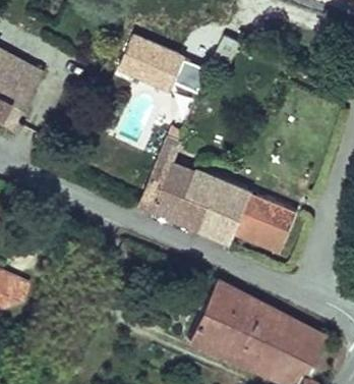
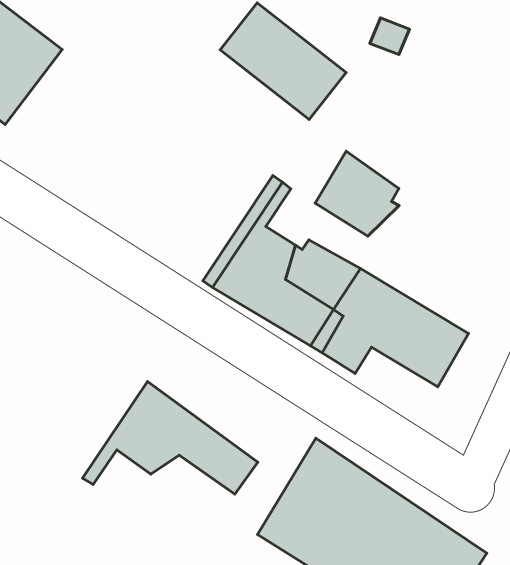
building: none -> [315,151,399,236]
building: none -> [82,382,258,494]

